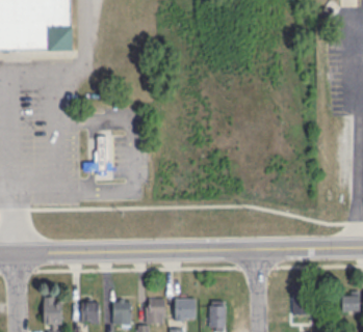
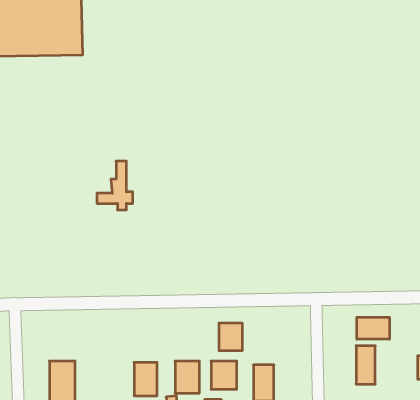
building: none -> [357,317,389,339]
building: none -> [219,323,242,351]
building: [80,300,99,323] -> none

